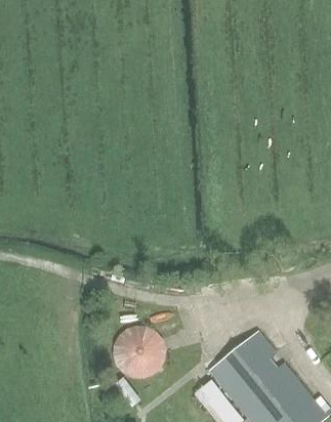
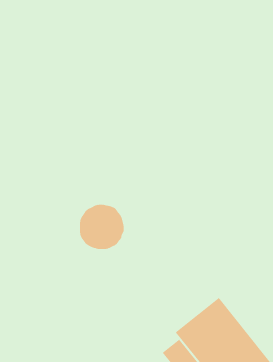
building: [113,326,163,376] -> [79,204,124,250]

